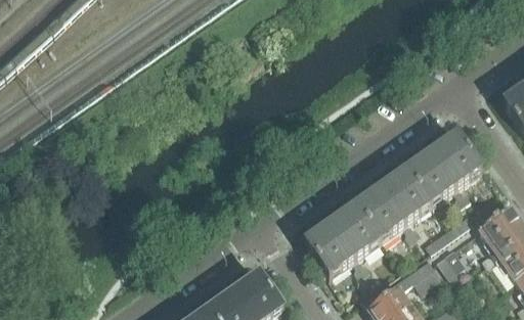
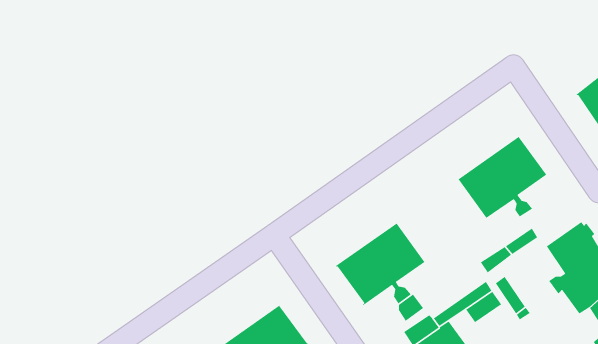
building: [354,170,428,238] -> none

